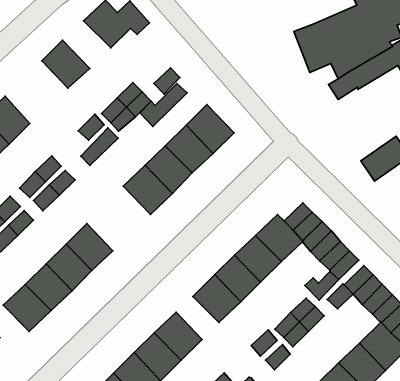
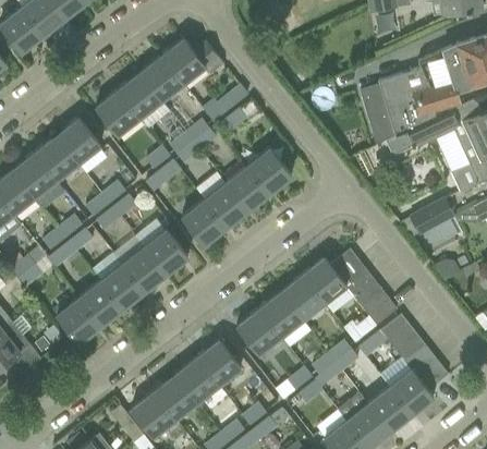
building: none -> [139,56,184,101]
building: none -> [96,89,139,135]
building: [140,83,187,126] -> [202,84,248,122]
building: none -> [144,230,187,276]

